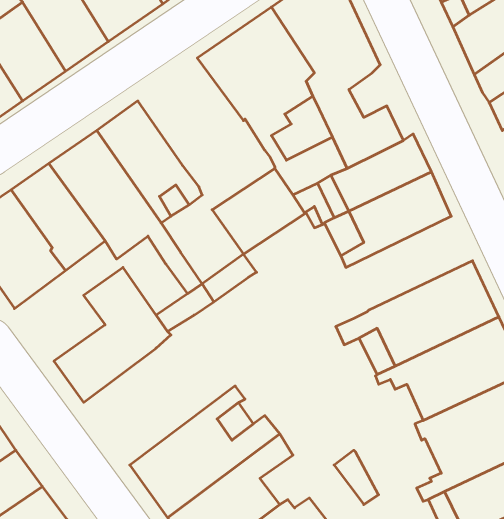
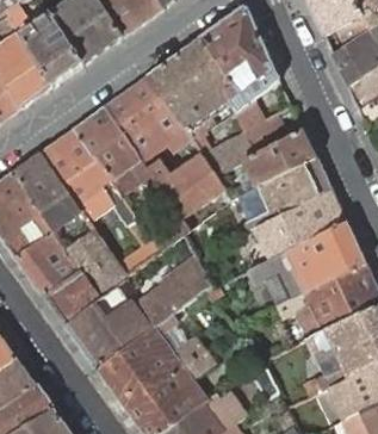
building: none -> [104,75,185,153]
building: none -> [254,190,346,259]
building: none -> [14,229,80,294]
building: none -> [64,256,212,370]

